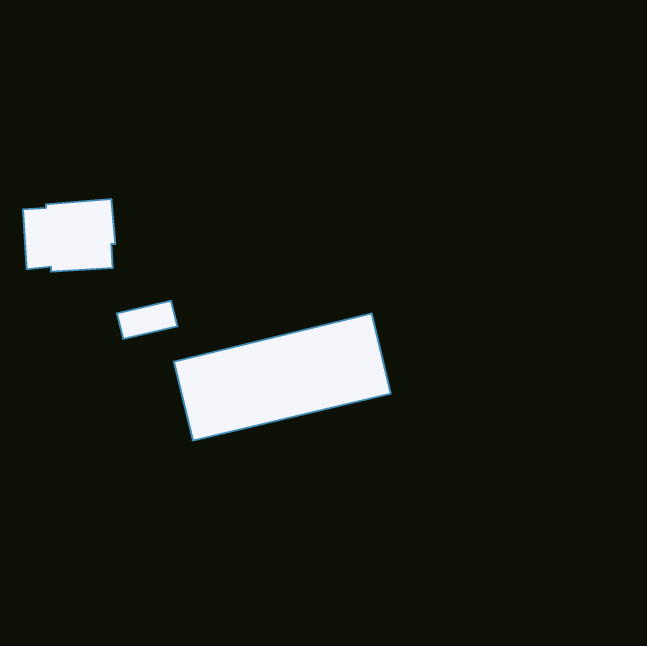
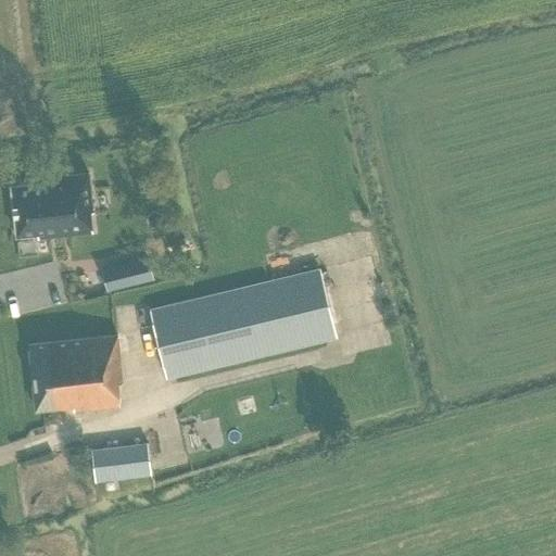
building: none -> [27,338,121,413]
building: none -> [90,444,150,481]

